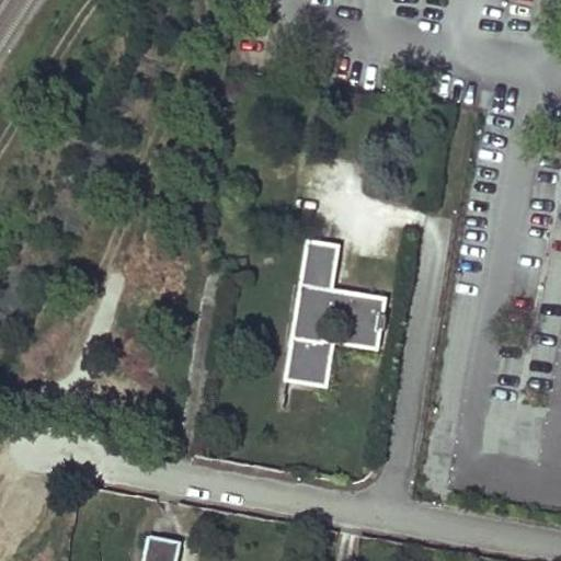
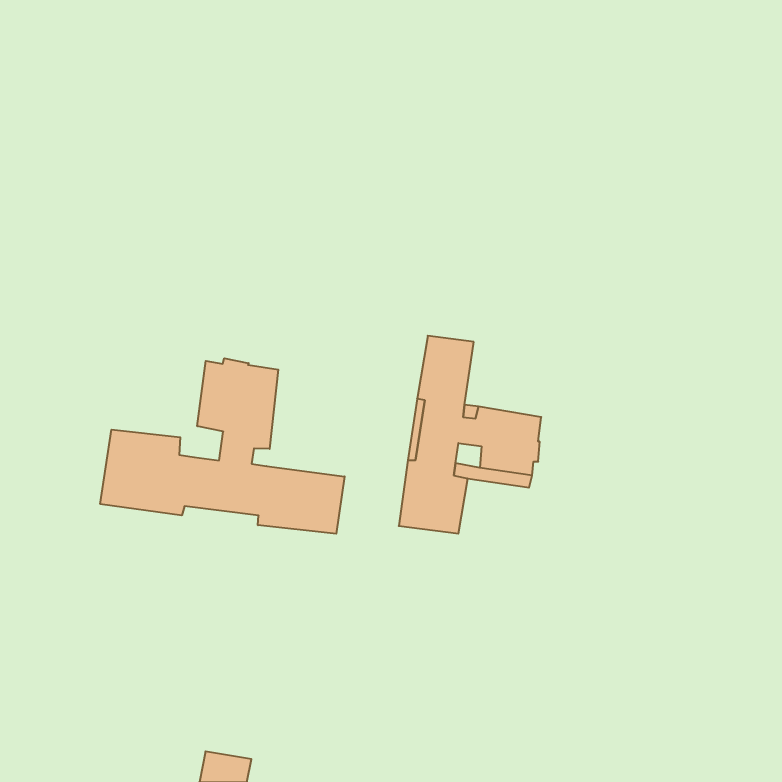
building: none -> [100,358,345,534]

